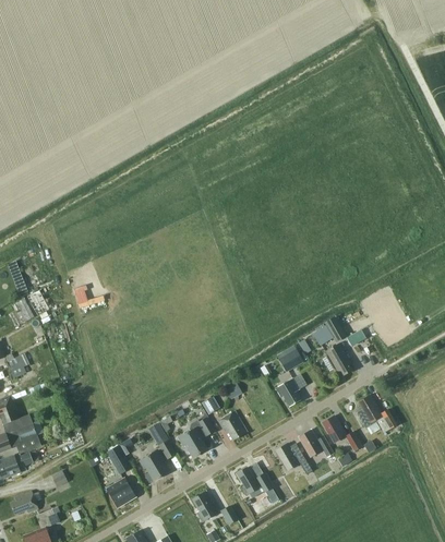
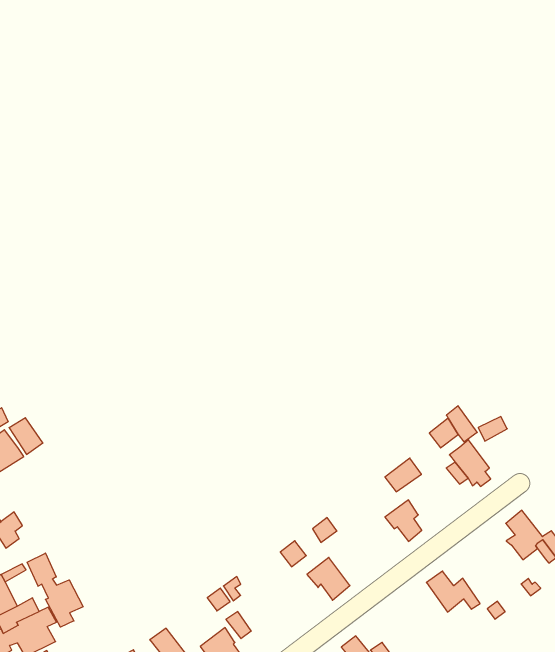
building: none -> [27,553,83,627]
building: [322,415,361,451] -> none
building: [178,418,214,457] -> none
building: [275,443,311,474] -> none

